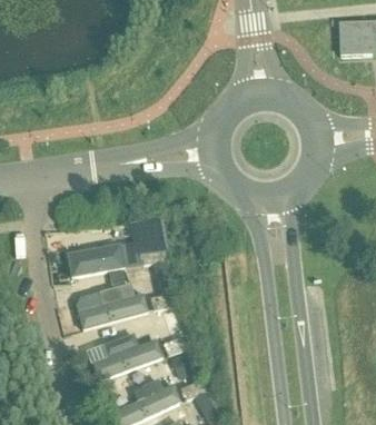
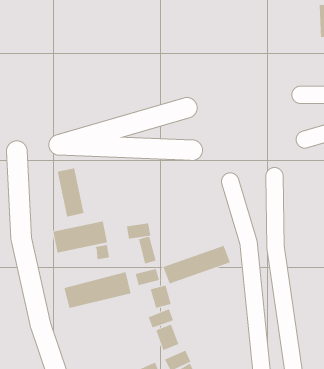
building: none -> [57,167,84,218]
building: [90,339,160,379] -> [163,245,231,284]

